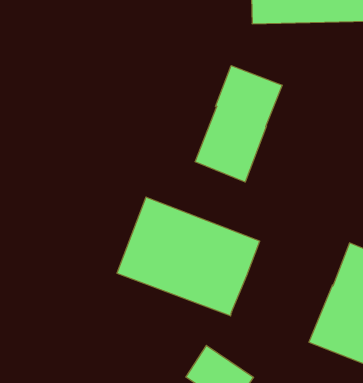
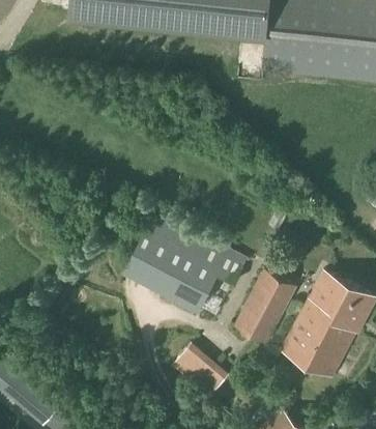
building: [195,66,282,182] -> none
building: none -> [233,269,297,344]

